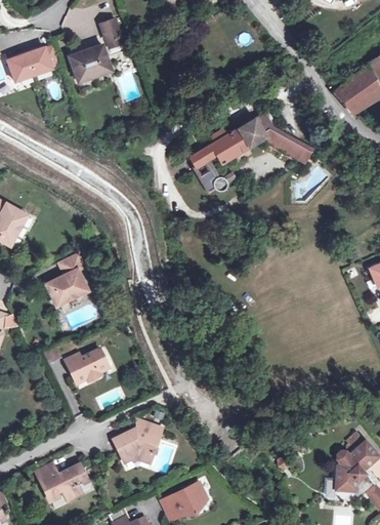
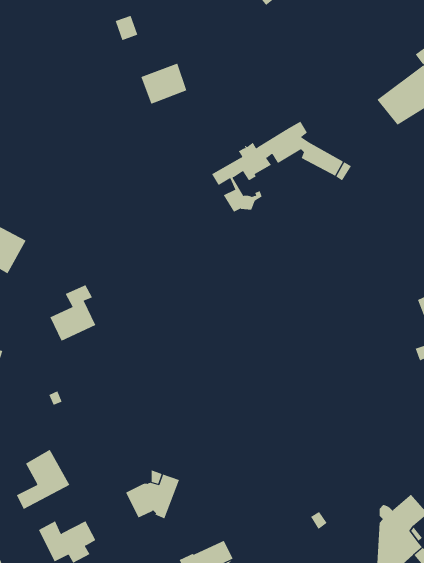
building: [73,43,114,80] -> [141,63,187,105]
building: [8,45,60,82] -> none
building: [65,348,108,382] -> none
building: none -> [16,449,70,510]

